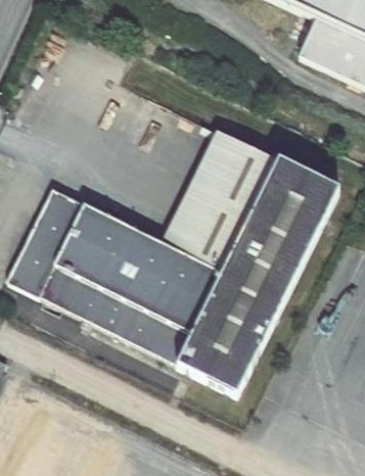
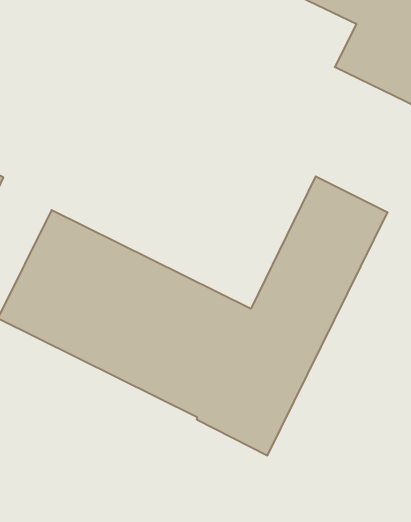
building: [167,131,278,271] -> none

